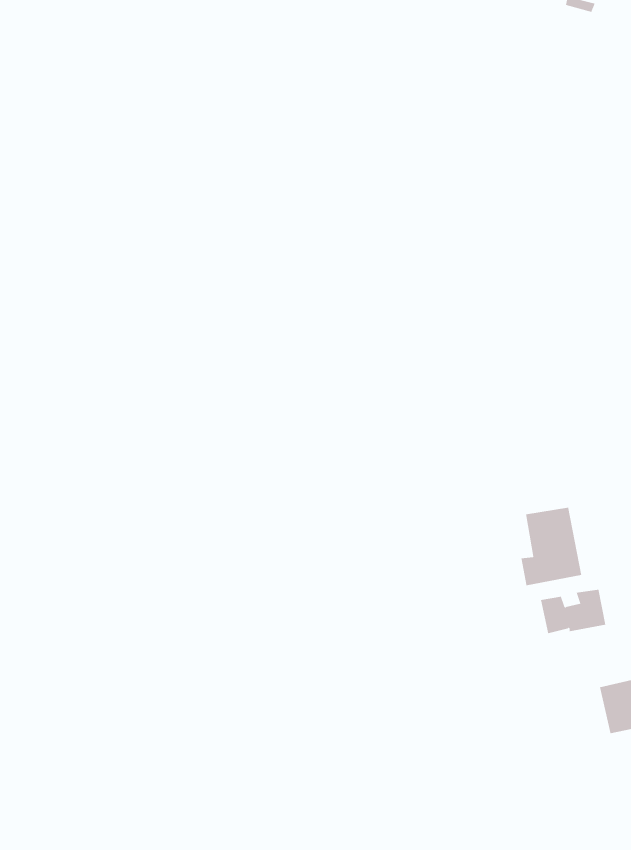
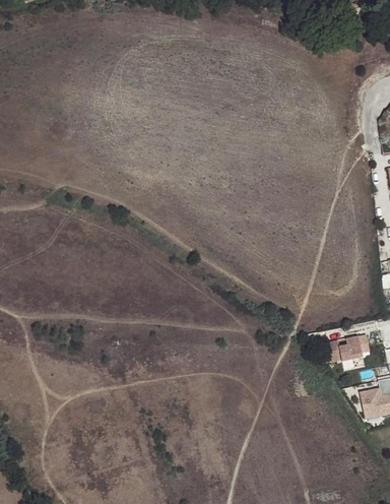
building: [521,507,582,586] -> none

